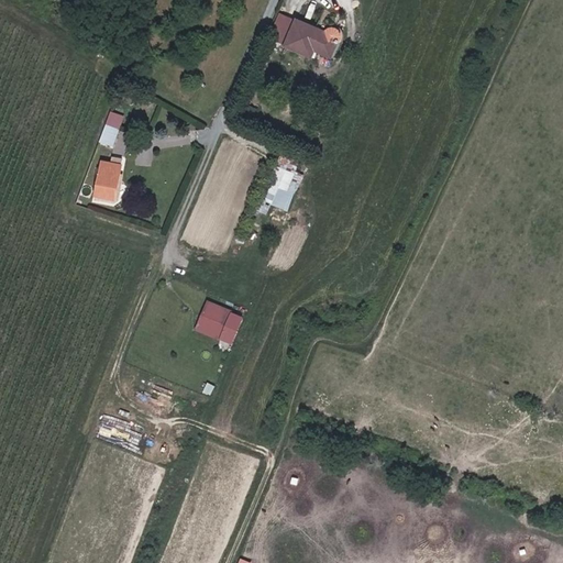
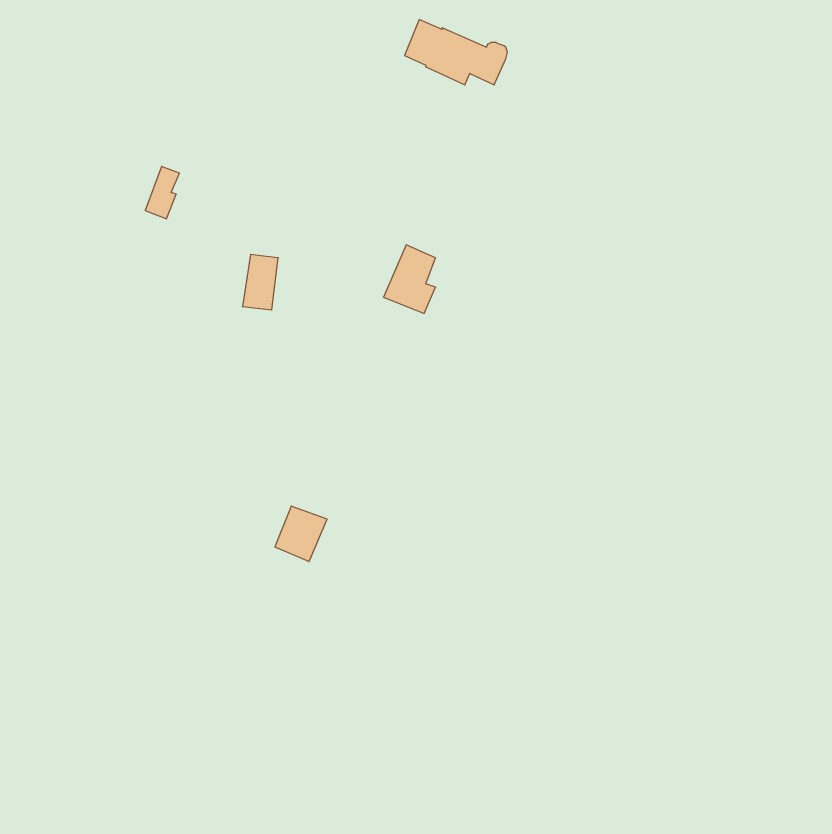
building: [96,163,120,200] -> [242,254,278,310]
building: [196,302,231,340] -> [275,506,327,562]

